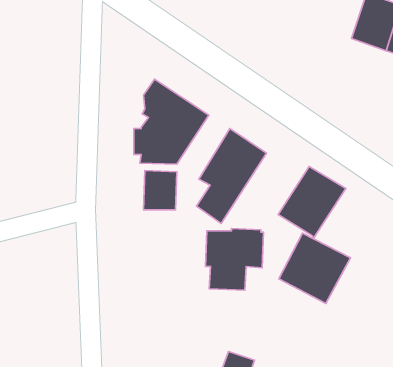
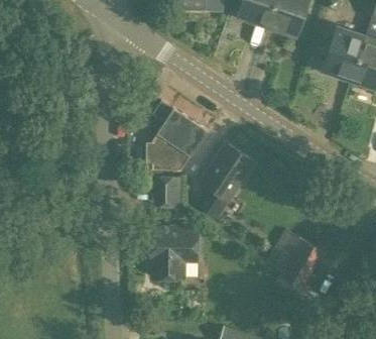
building: [278,166,346,238] -> none
building: [206,228,263,290] -> [151,229,199,279]

